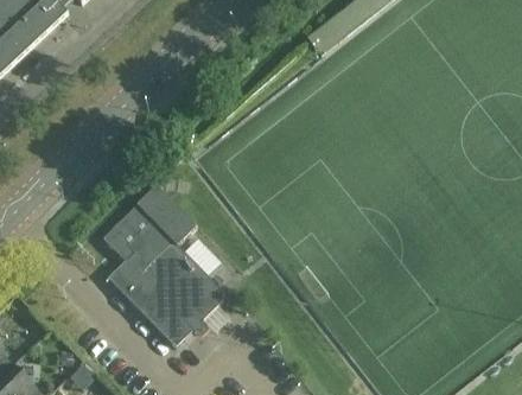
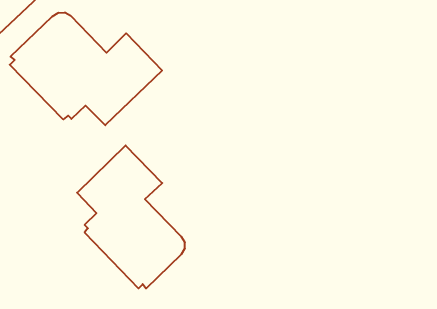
building: none -> [10,12,162,125]

